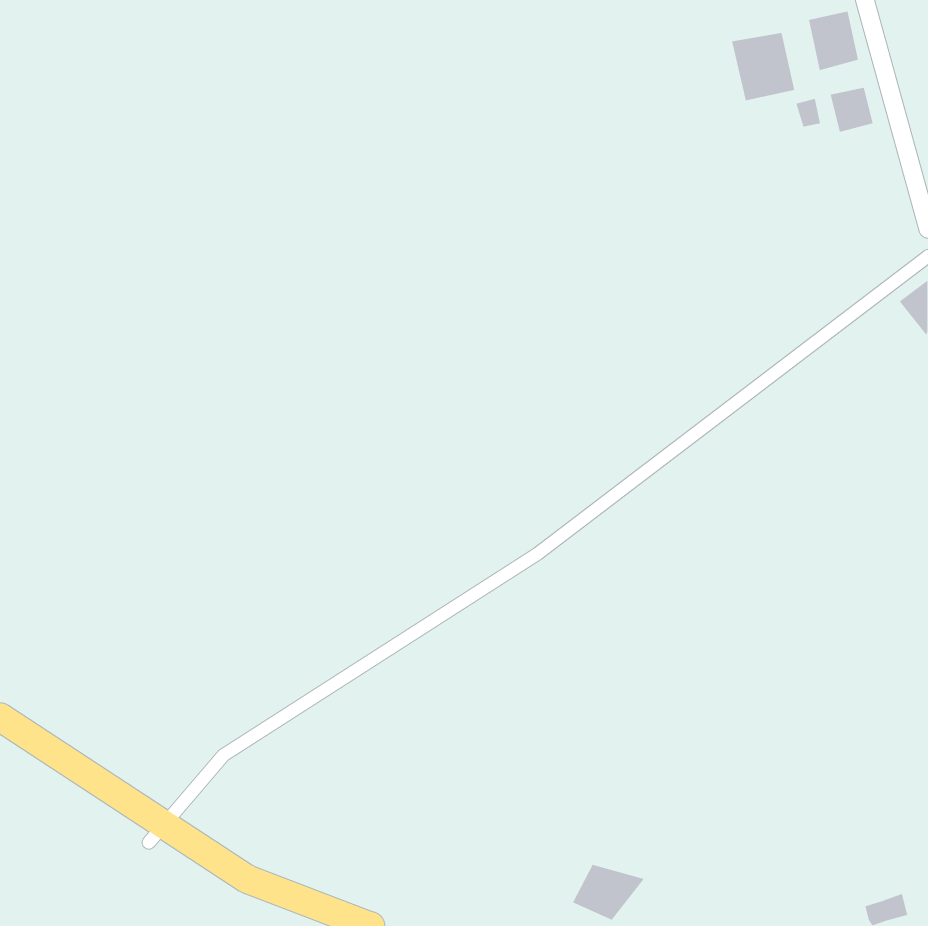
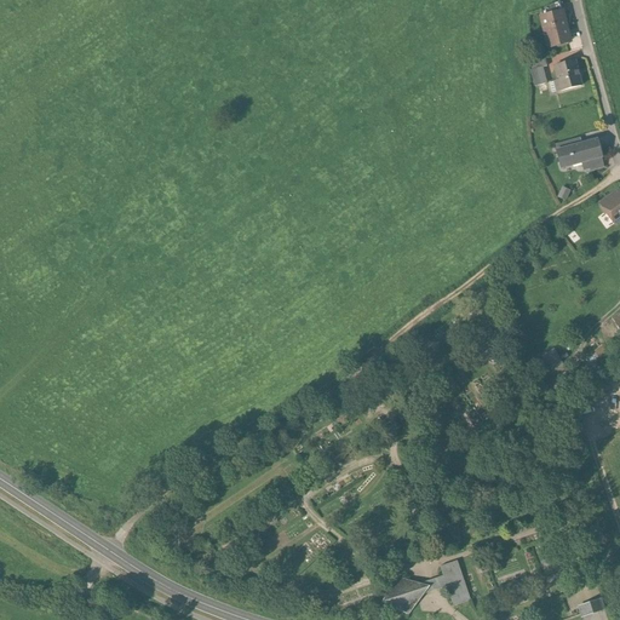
building: [732,32,795,101] -> none
building: none -> [556,136,602,166]
building: none -> [440,559,472,607]

